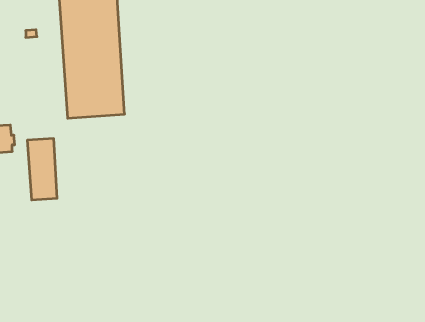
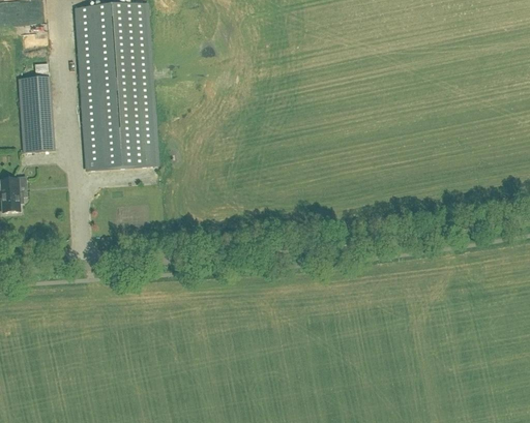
building: [27,139,57,200] -> [18,75,54,150]

